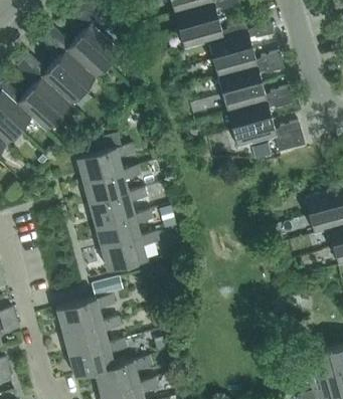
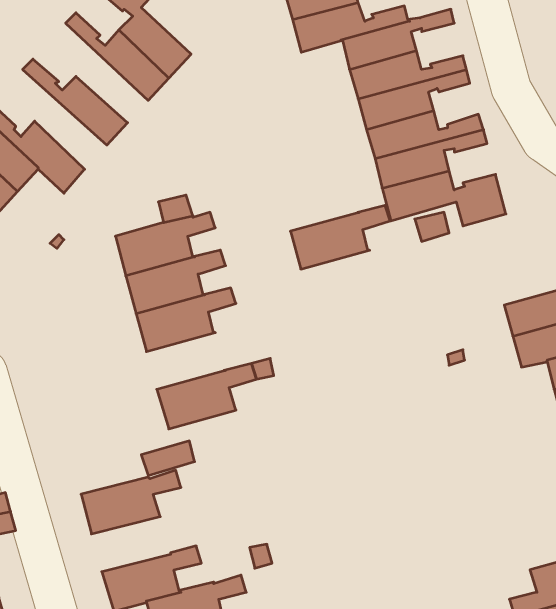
building: [41,33,96,91] -> none
building: [17,60,71,119] -> none
building: [95,210,153,247] -> [290,205,390,269]
building: [62,317,121,354] -> none

